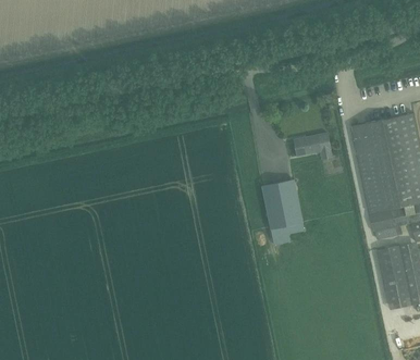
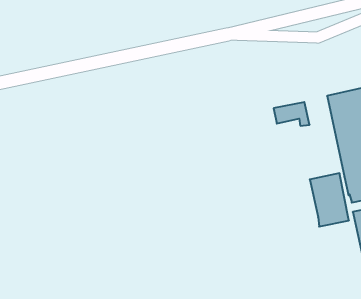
building: [262,179,304,236] -> [310,173,349,227]

